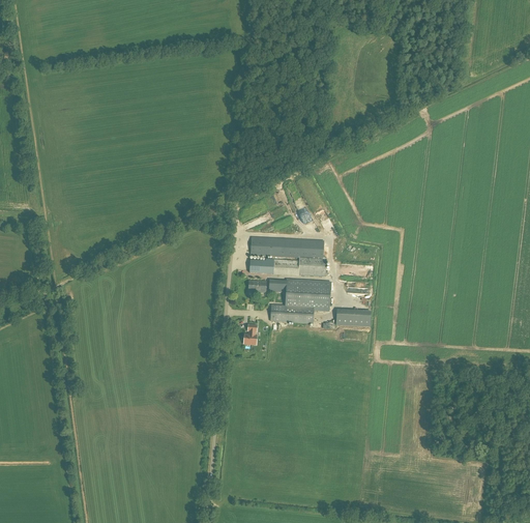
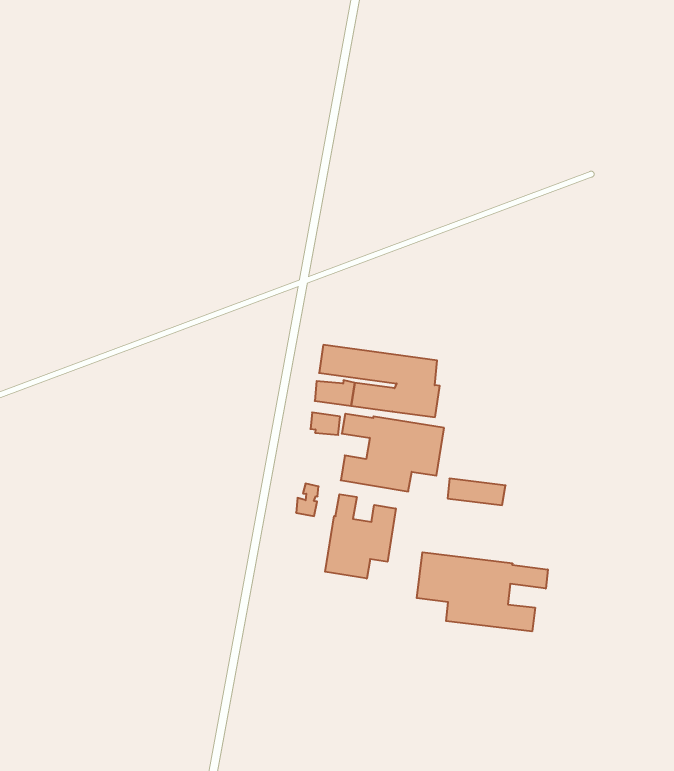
building: none -> [325,494,396,579]
building: none -> [417,552,548,631]

